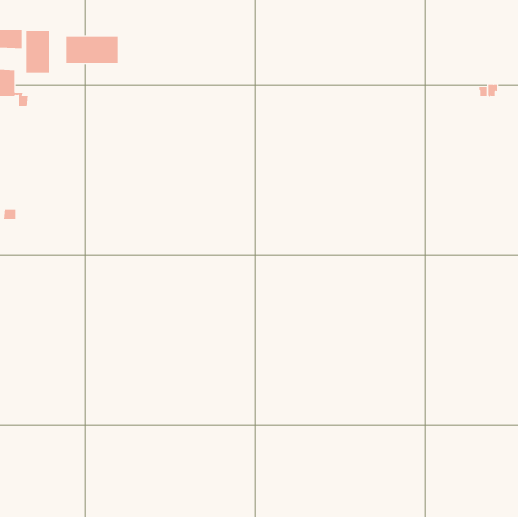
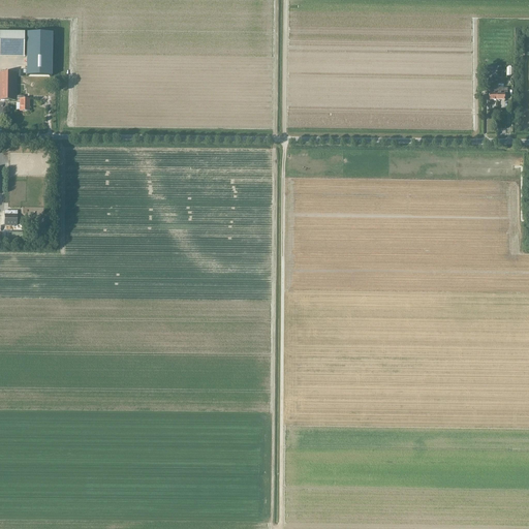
building: [66,36,118,64] -> none

